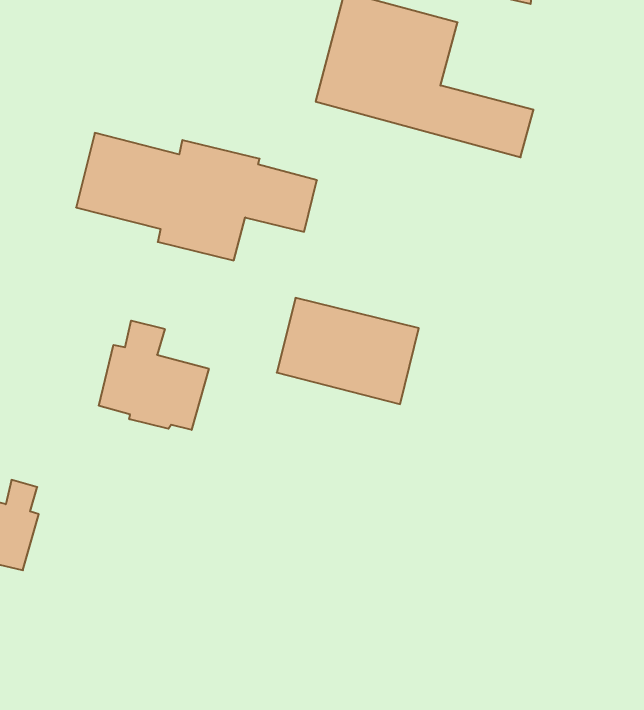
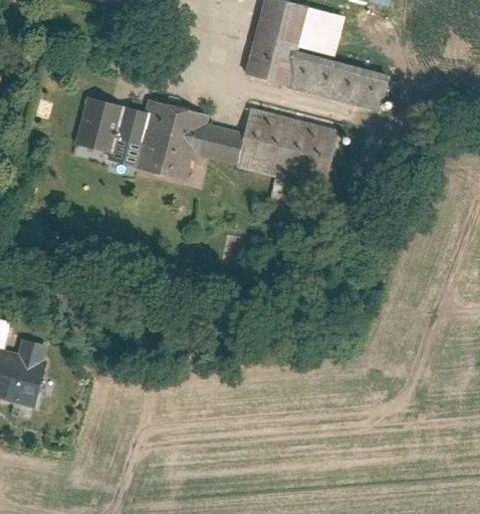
building: [277,298,419,404] -> [234,111,333,186]
building: [99,321,209,430] -> none

